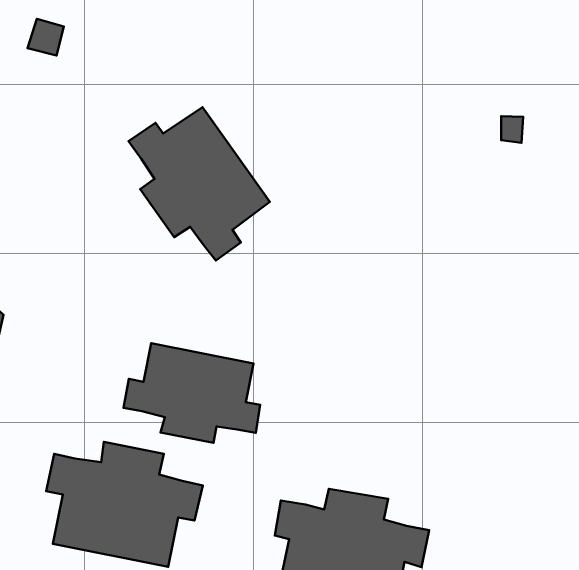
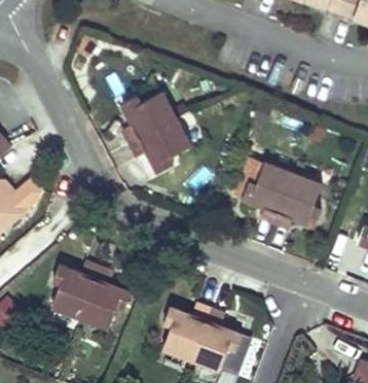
building: none -> [245,165,325,231]
building: [123,343,260,443] -> none

